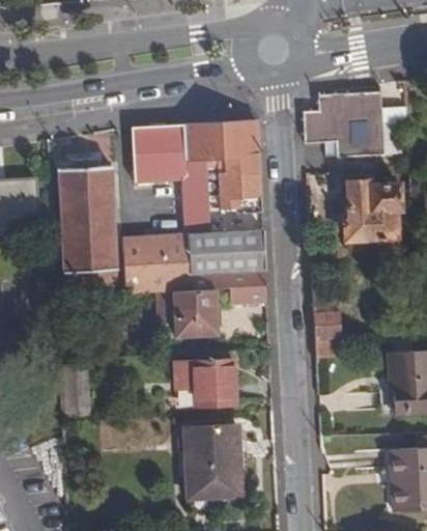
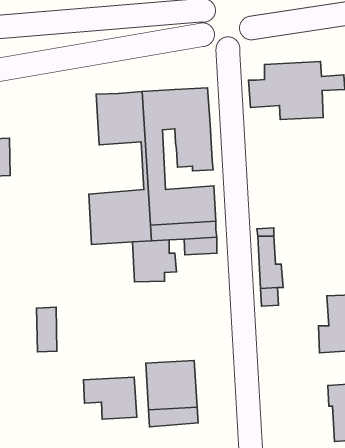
building: [58,165,117,288] -> none
building: [345,181,403,241] -> none
building: [176,358,235,404] -> [84,377,137,419]

